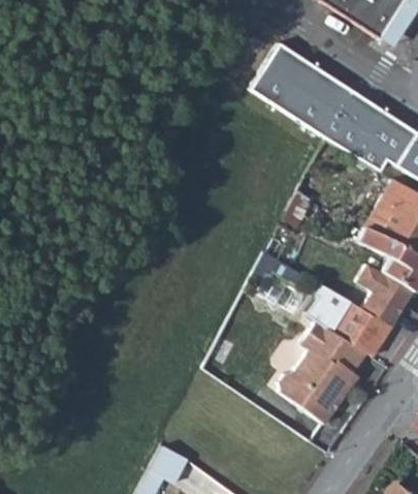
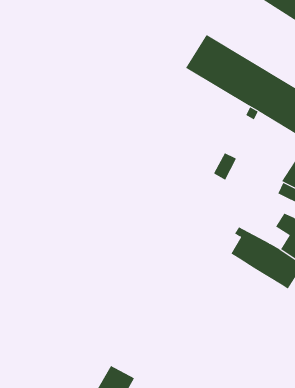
building: [281,317,368,422] -> none

